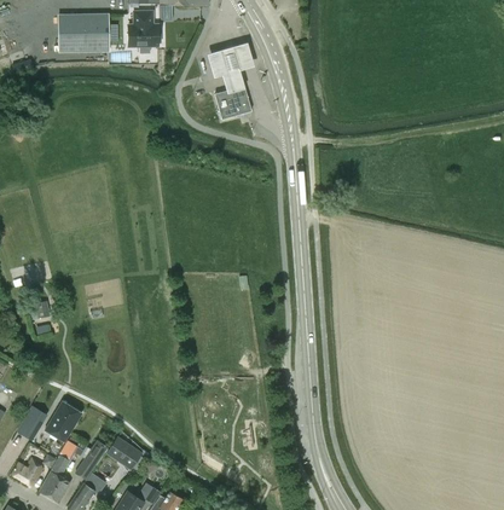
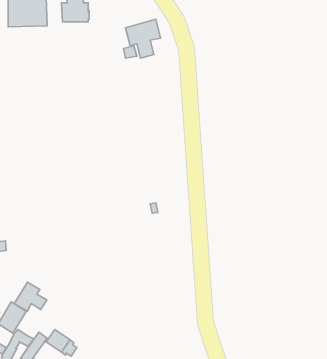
building: [214,87,250,120] -> none
building: none -> [14,282,47,311]

